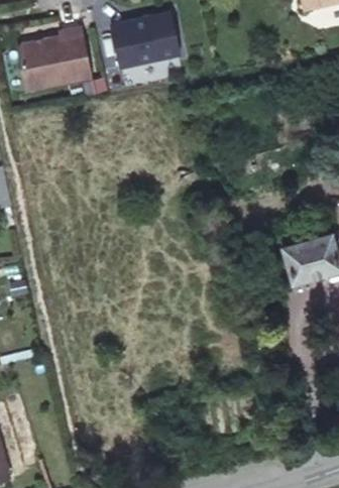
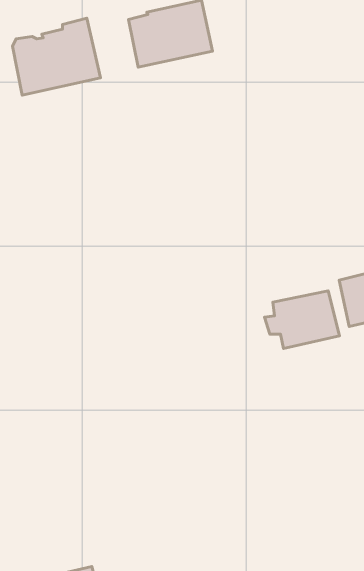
building: none -> [264,291,339,349]

